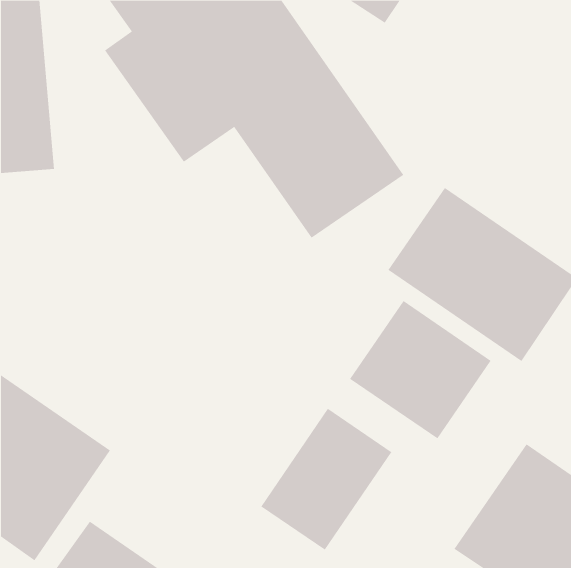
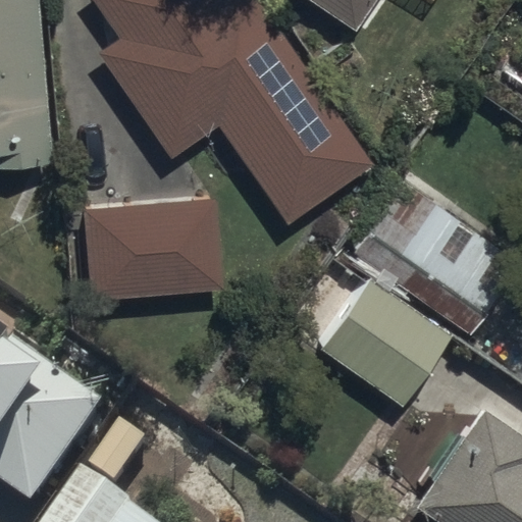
building: none -> [80,199,220,305]
building: [260,408,392,551] -> none

